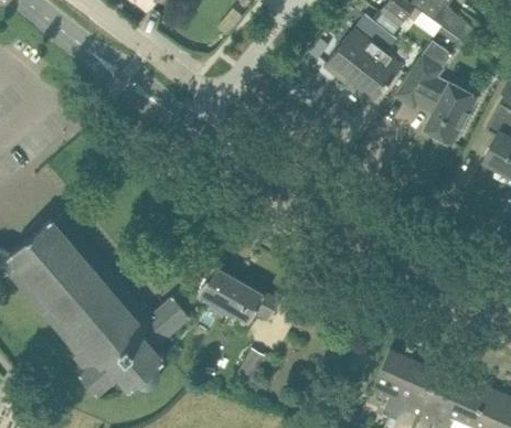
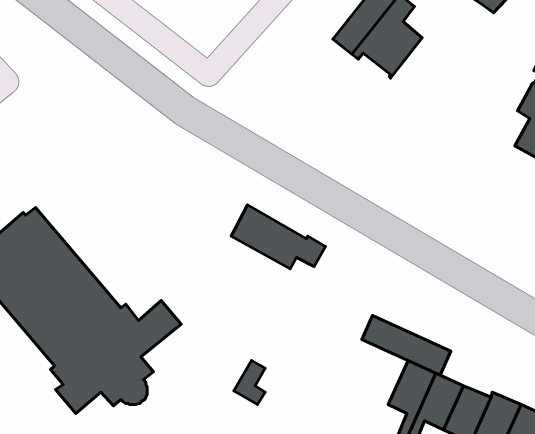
building: [394,54,477,145] -> none
building: [198,266,280,322] -> [231,205,325,269]
building: none -> [362,315,451,375]

